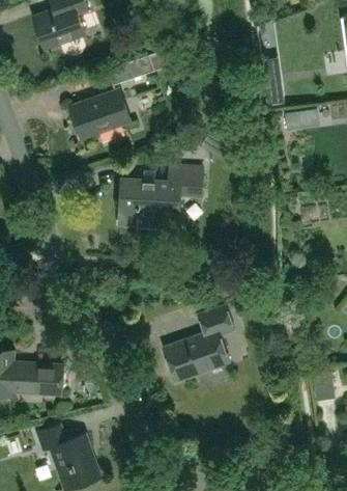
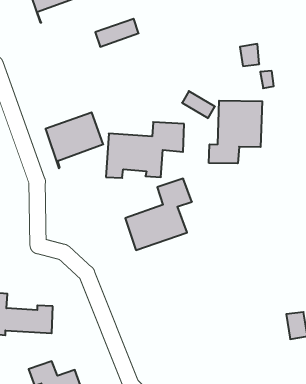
building: [69,88,132,148] -> [45,112,103,168]
building: none -> [209,101,262,163]
building: [164,305,235,382] -> [125,179,192,250]

